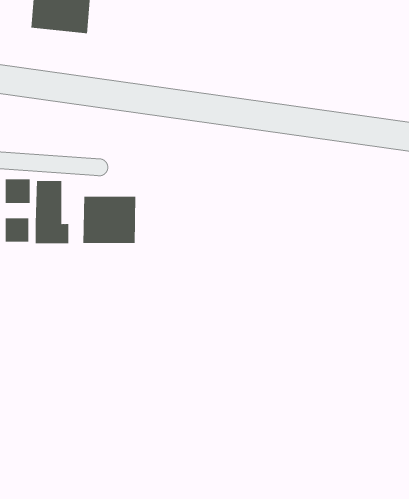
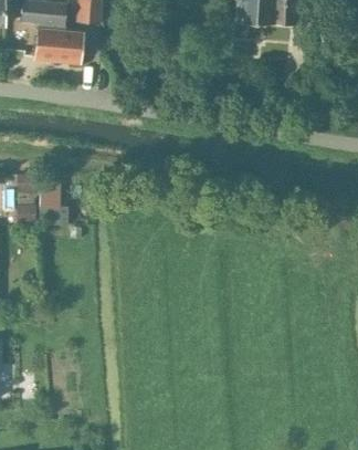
building: [83,196,136,244] -> none

